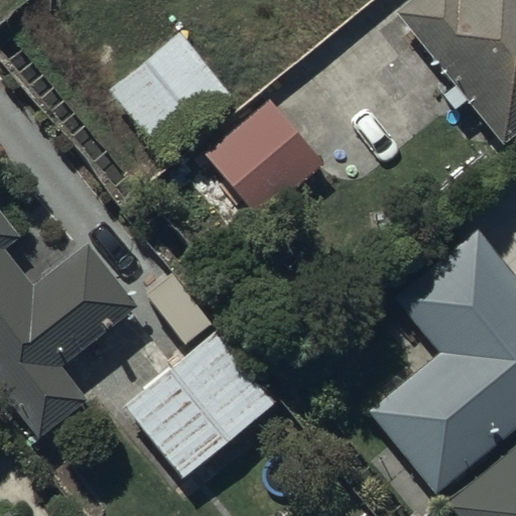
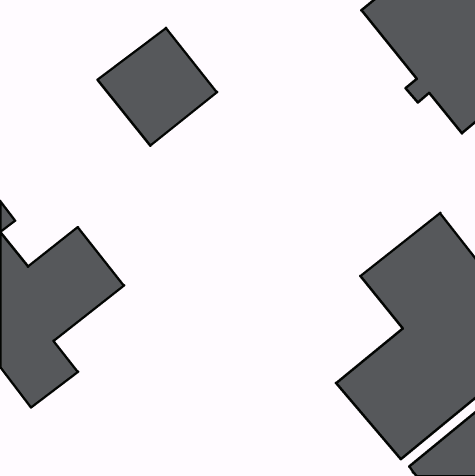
building: [199,90,327,219] -> none
building: [125,333,274,478] -> none

